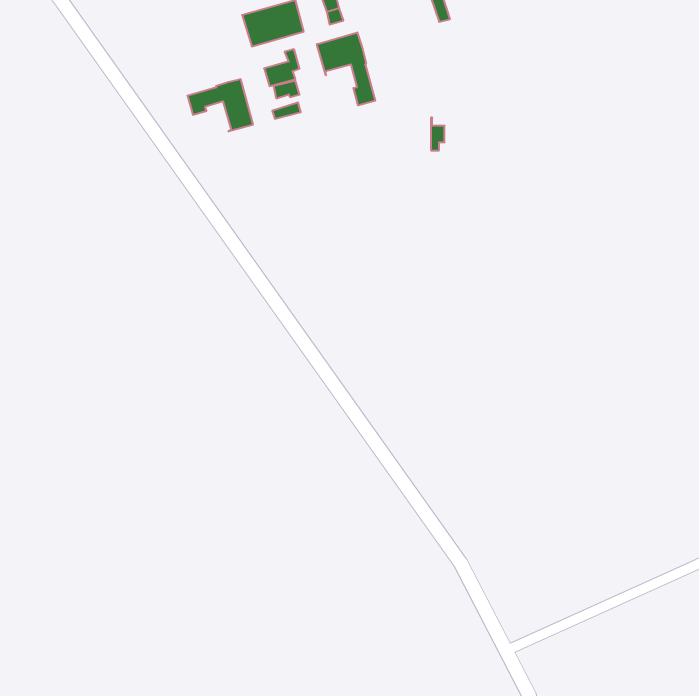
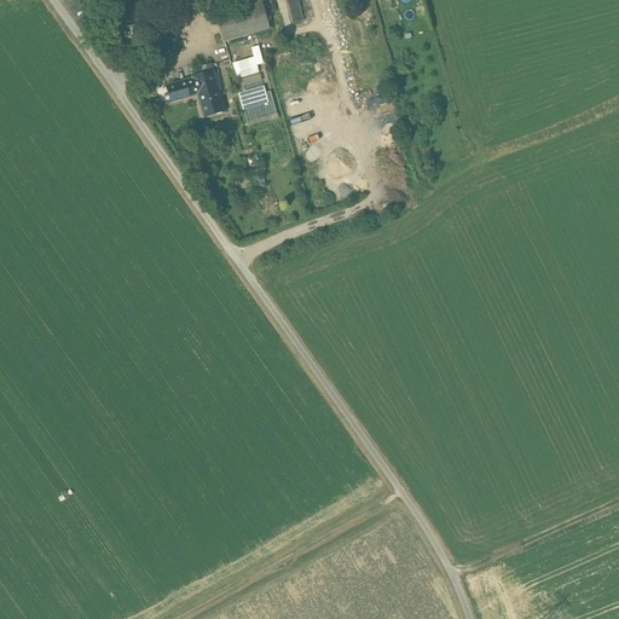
building: [317,32,375,105] -> none

